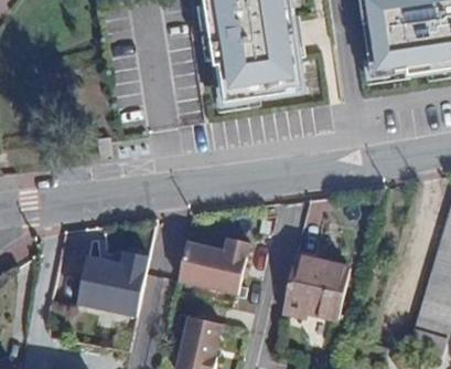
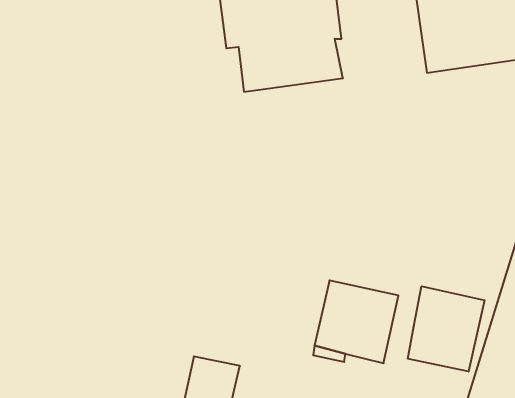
building: [176,234,249,294] -> none
building: [74,247,147,315] -> none
building: none -> [408,286,485,372]

